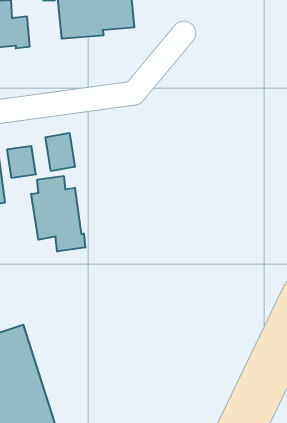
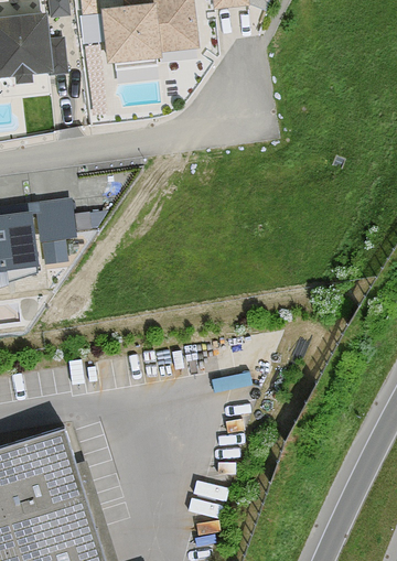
building: [46,133,75,171] -> none
building: [31,176,85,252] -> none

